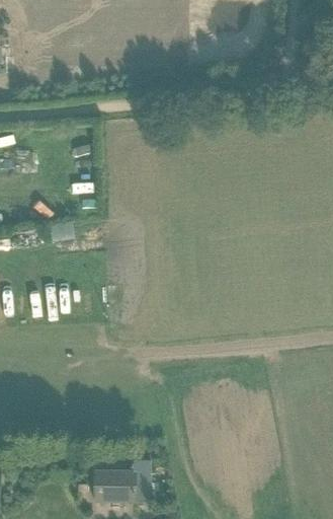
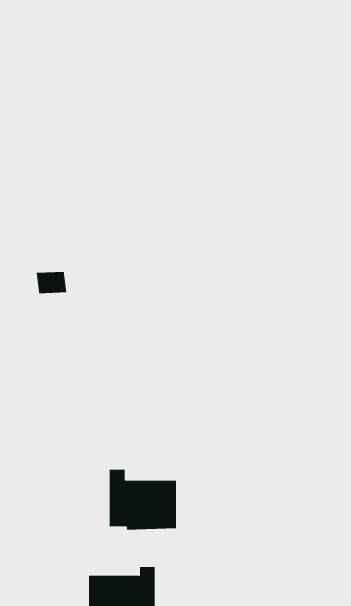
building: none -> [109,469,176,530]

